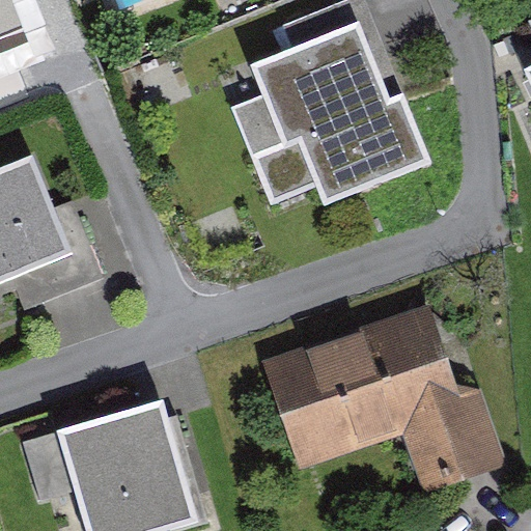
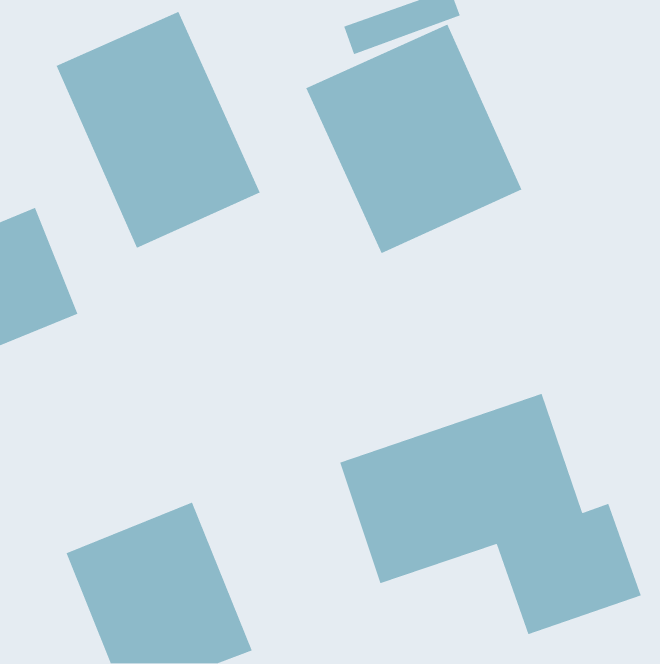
building: none -> [55,11,261,249]

